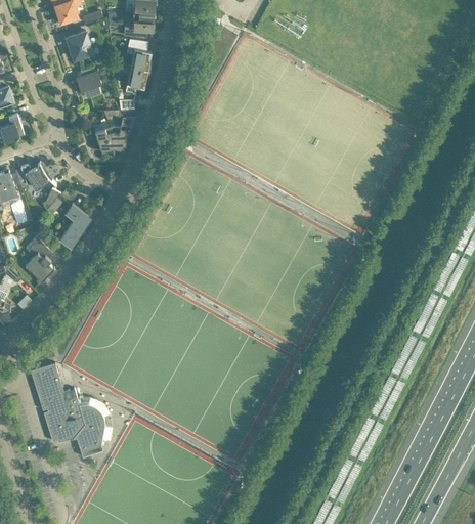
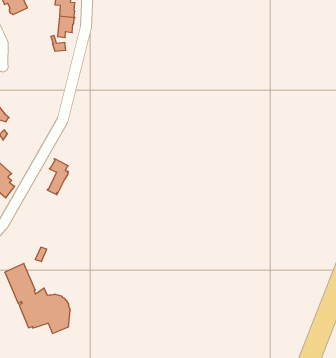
building: [76,66,100,96] -> none
building: [94,116,135,151] -> none
building: [58,203,87,247] -> [47,159,68,195]

